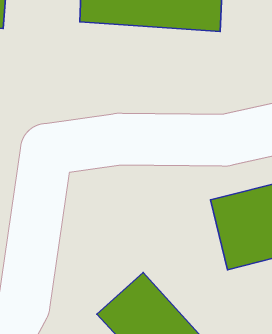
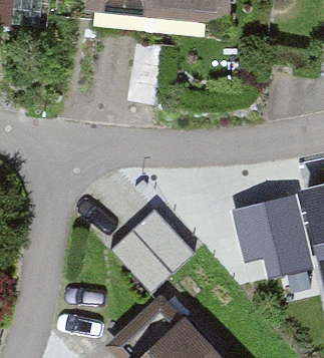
building: none -> [112,209,192,287]

